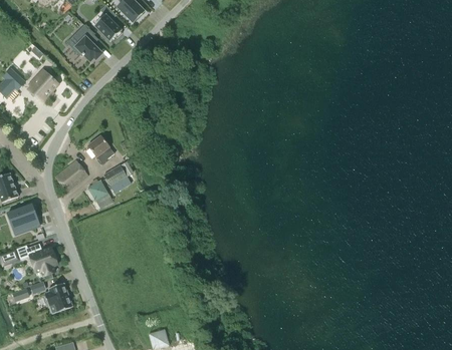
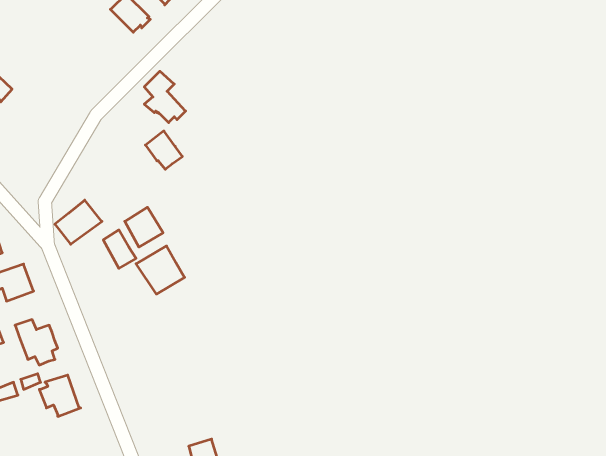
building: [72,25,101,61] -> [144,71,186,123]
building: [28,69,57,102] -> none
building: [87,135,114,162] -> [145,131,182,169]
building: none -> [136,246,185,294]

